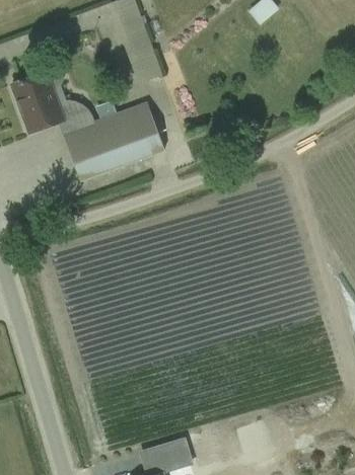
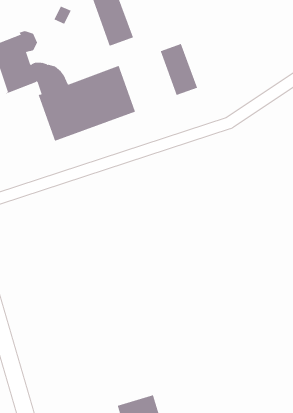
building: none -> [160,43,198,96]

